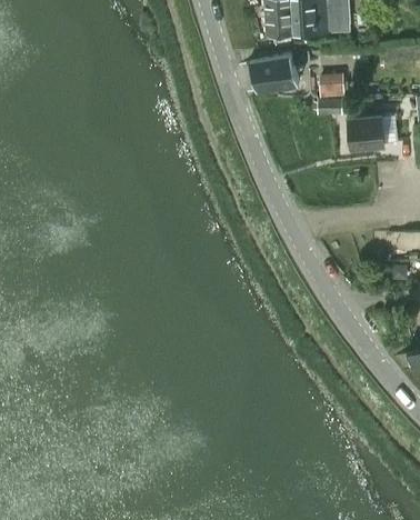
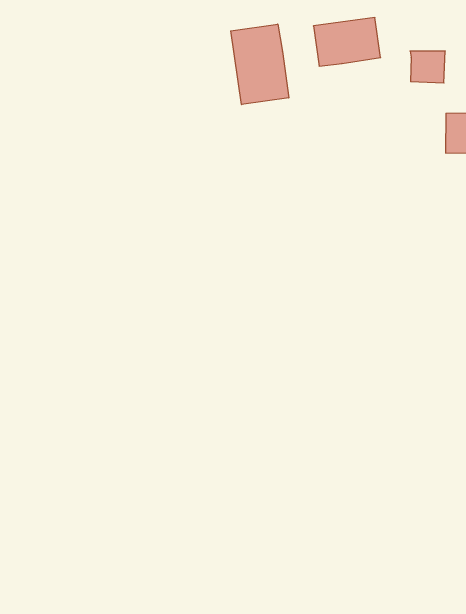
building: none -> [231,24,289,105]

